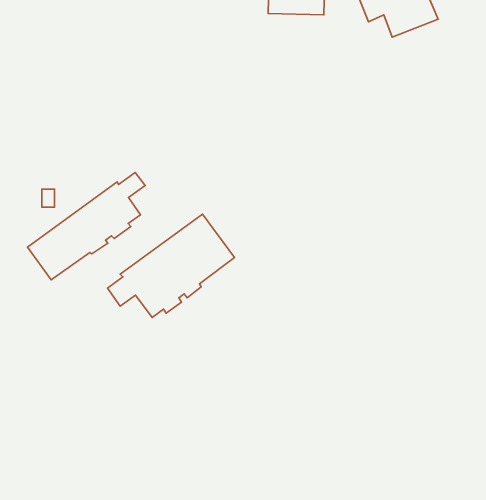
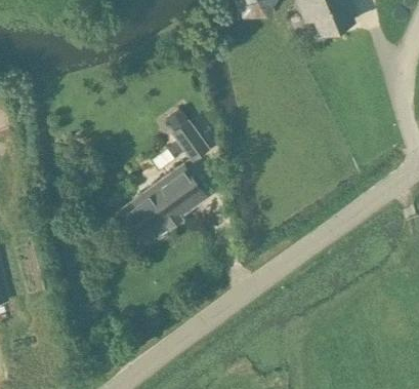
building: none -> [165,111,209,162]
building: [28,172,145,280] -> none

